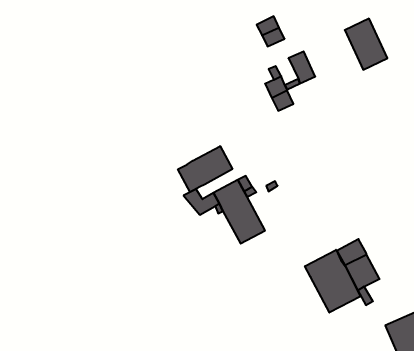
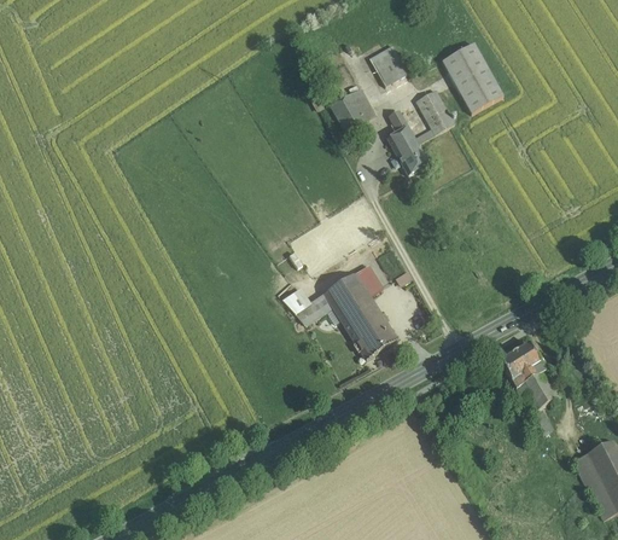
building: [345,19,387,70] -> [441,42,502,114]
building: none -> [330,87,375,130]
building: [178,146,232,192] -> none
building: [305,250,361,313] -> none

